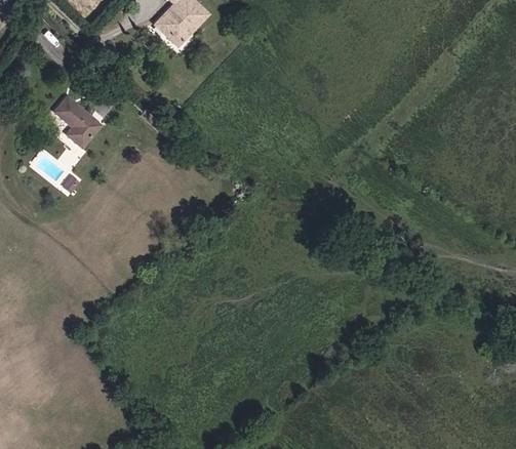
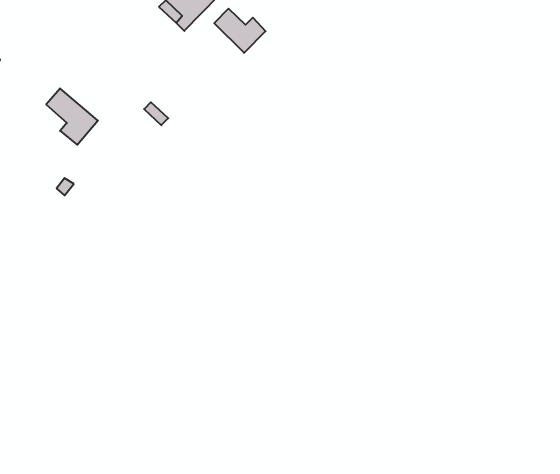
building: none -> [214,9,266,53]

